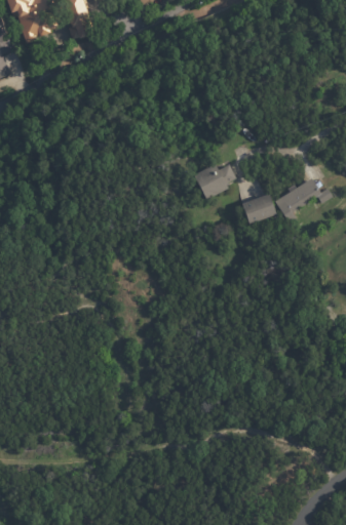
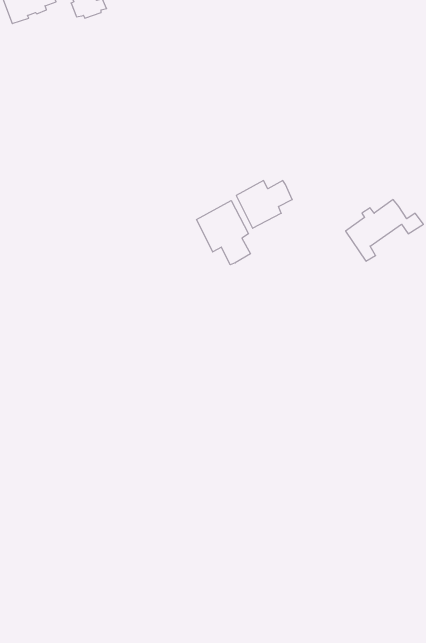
building: none -> [197,201,250,265]
building: [241,192,275,221] -> none

